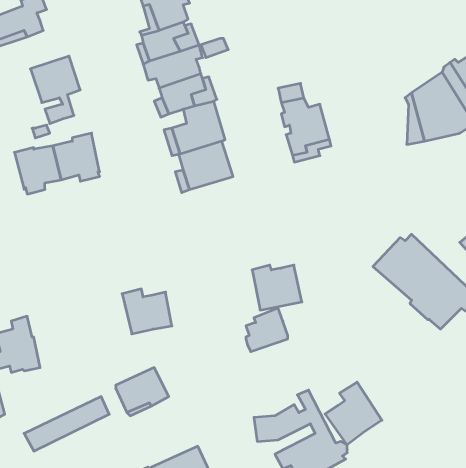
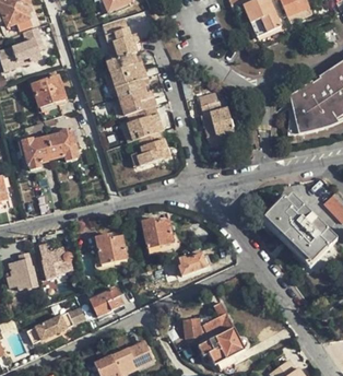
building: [252,265,302,310] -> [141,218,175,248]
building: none -> [39,243,72,280]
building: [325,382,382,445] -> none

